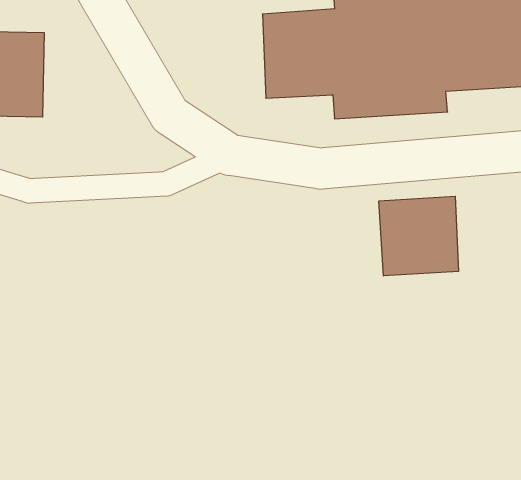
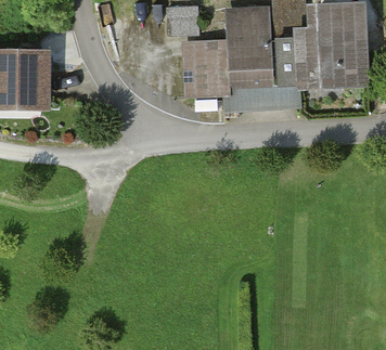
building: [379,196,458,276] -> none

